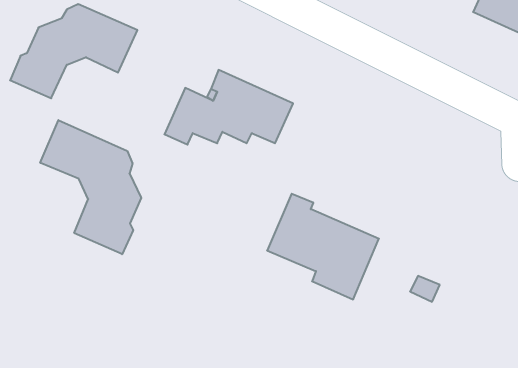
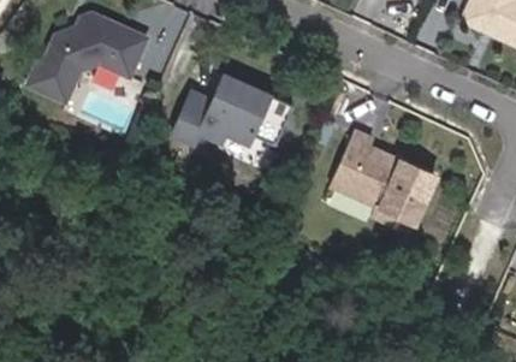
building: [40,120,141,254] -> none
building: [267,194,379,299] -> [331,132,435,231]

